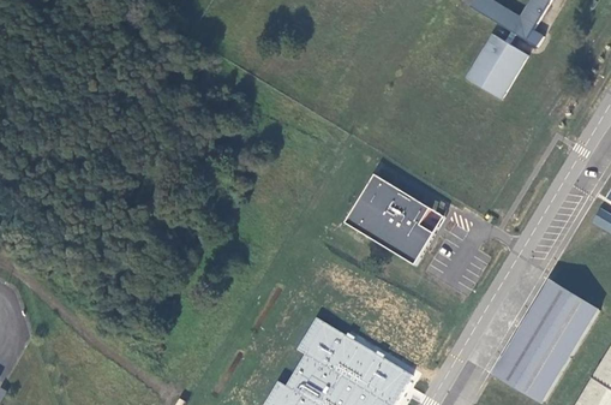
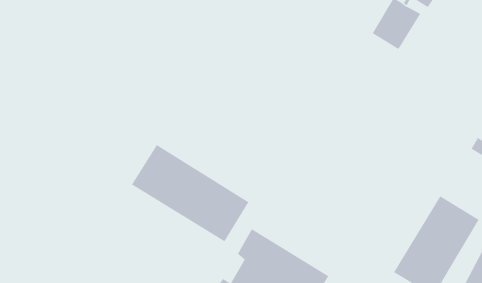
building: [345,172,433,263] -> none
building: none -> [131,144,249,242]

